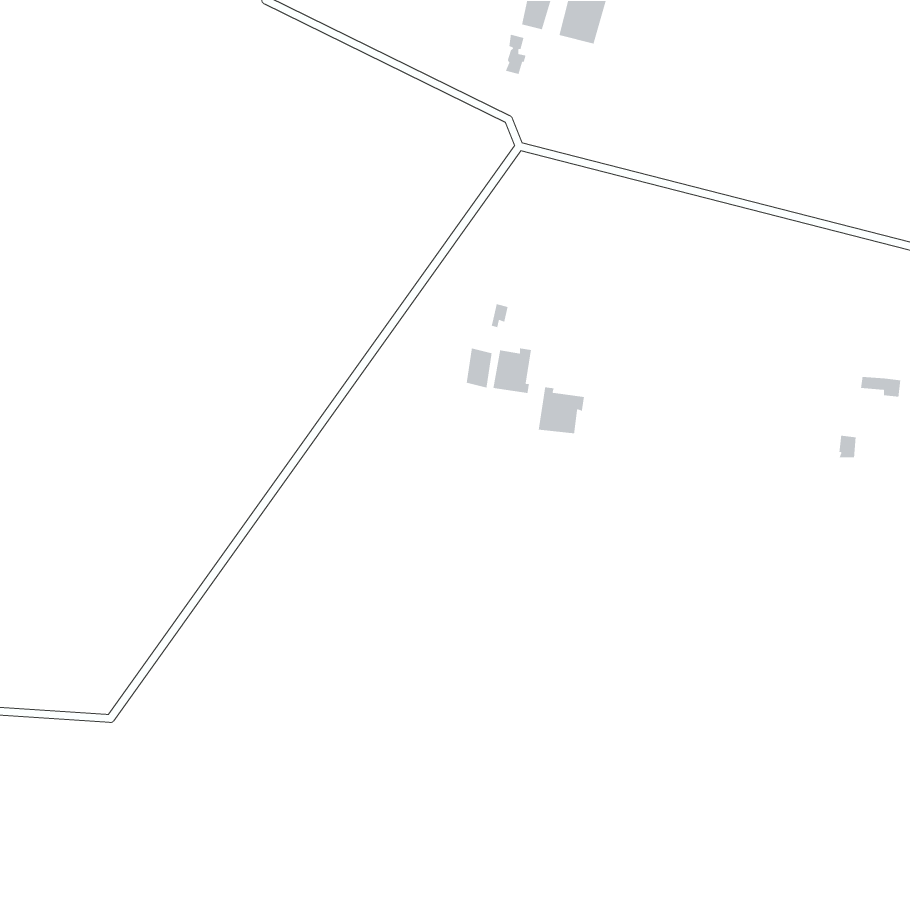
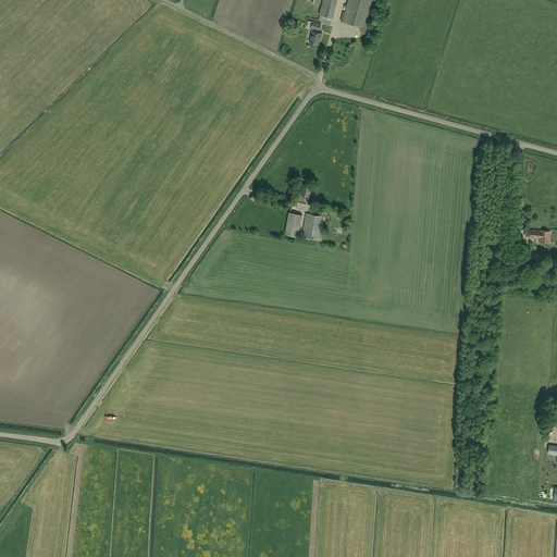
building: [538,387,585,434] -> none

